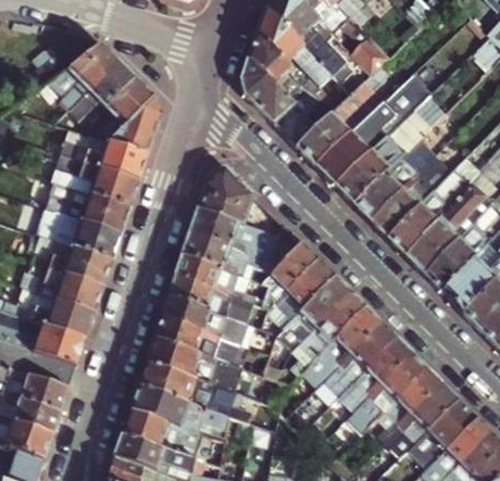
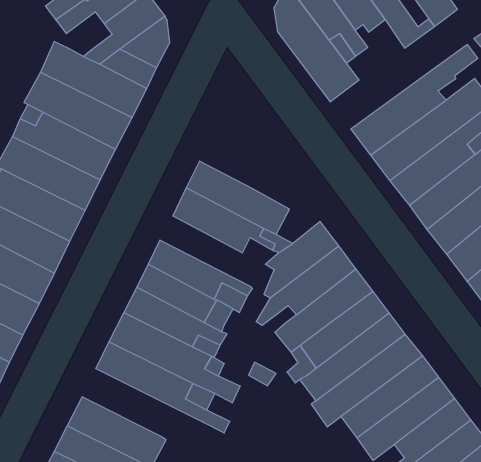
building: [297,65,386,164] -> none
building: [199,164,255,223] -> none
building: [176,253,257,301] -> none
building: [132,383,230,430] -> none

